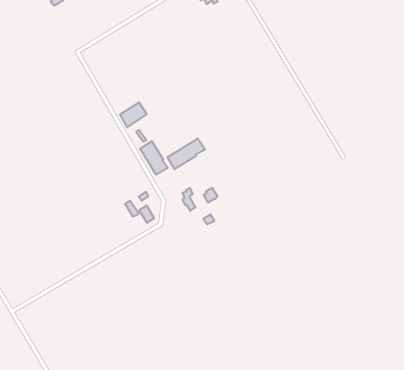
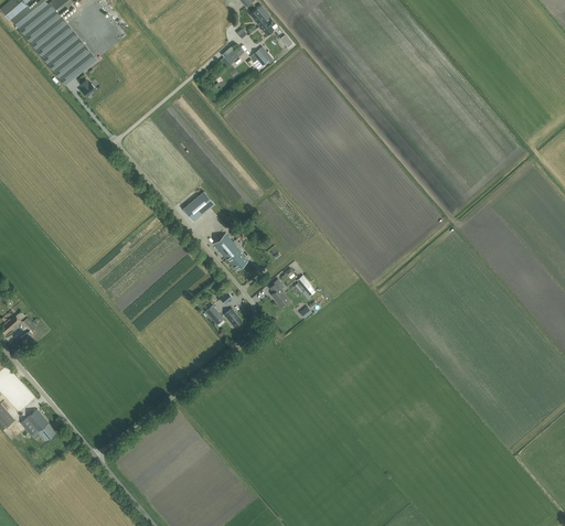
building: [167,138,205,169] -> none

